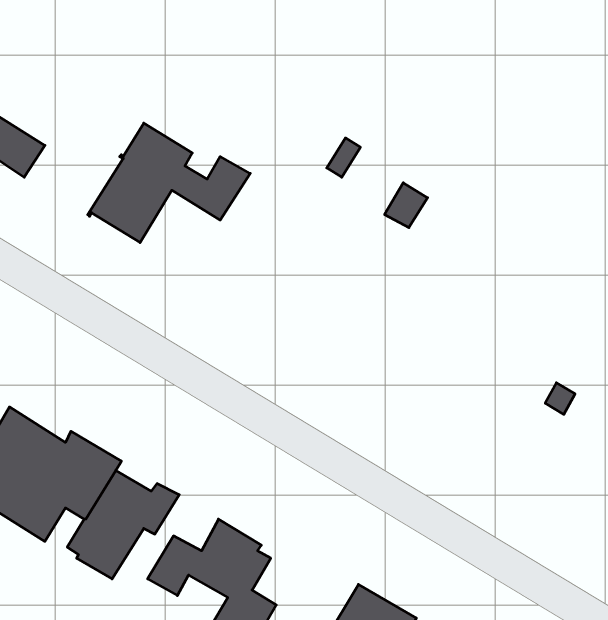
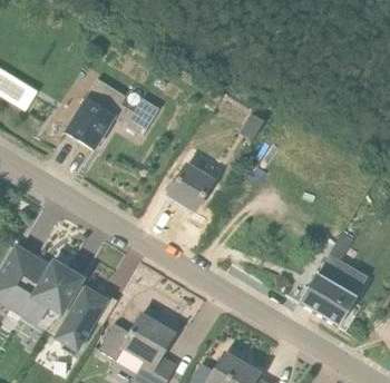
building: none -> [168,151,221,210]
building: none -> [299,256,367,327]

